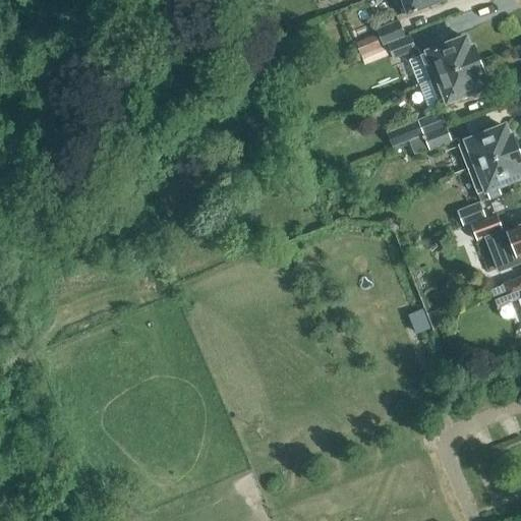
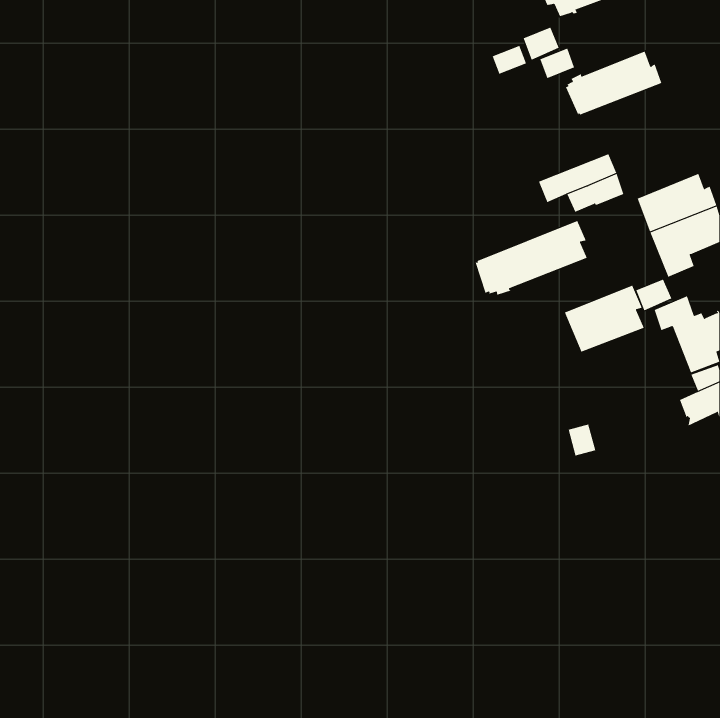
building: [418,60,485,109] -> none
building: none -> [475,220,588,295]
building: none -> [564,285,644,352]

